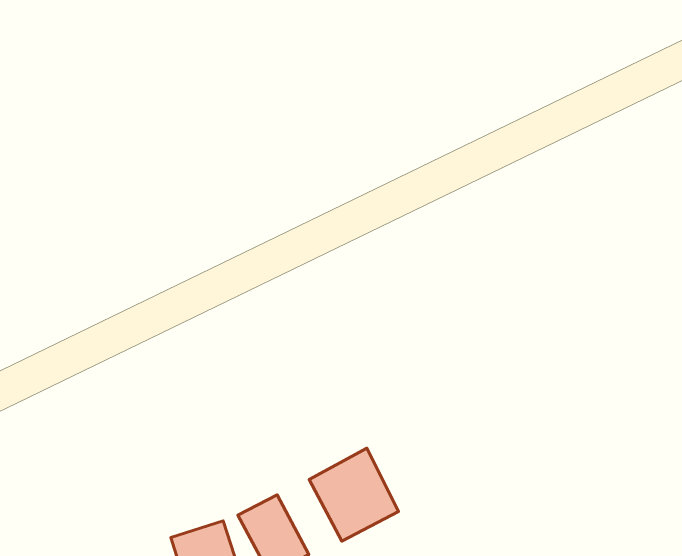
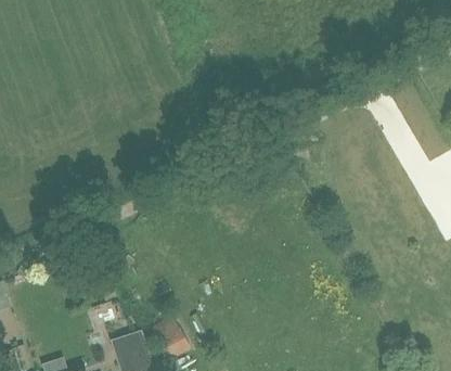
building: [309,448,399,541] -> none

